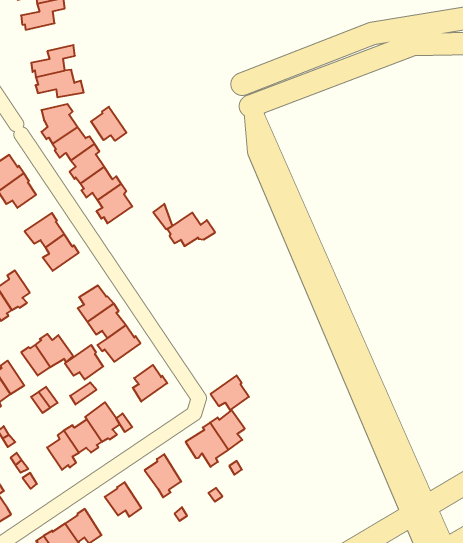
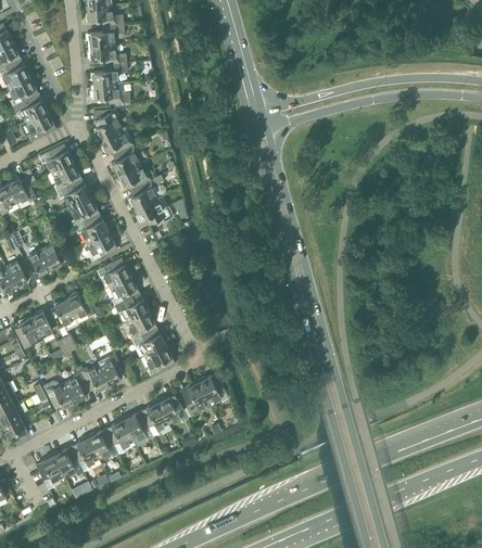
building: none -> [88,43,126,65]
building: [91,107,126,141] -> none
building: none -> [56,179,91,207]
building: [167,213,215,246] -> [135,199,173,225]
building: none -> [86,230,116,257]
building: [65,345,103,380] -> [126,309,156,336]
building: [211,375,249,410] -> [143,344,174,371]
building: none -> [156,393,182,424]
building: none -> [42,381,73,409]
building: none -> [122,411,148,442]
building: none -> [87,429,117,459]

